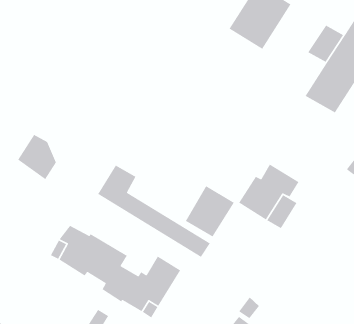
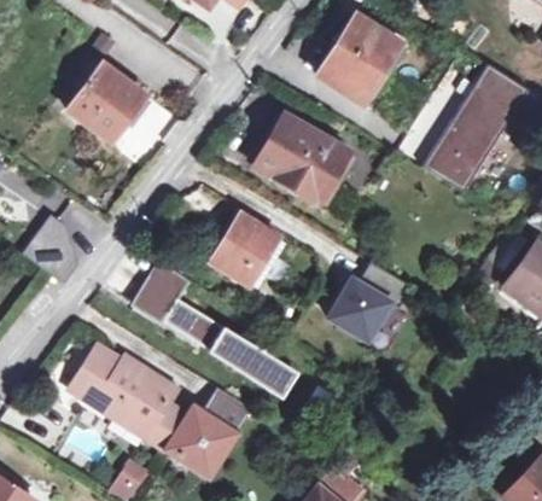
building: none -> [66,64,150,140]
building: none -> [256,116,348,202]
building: [185,185,235,238] -> [210,211,279,284]

